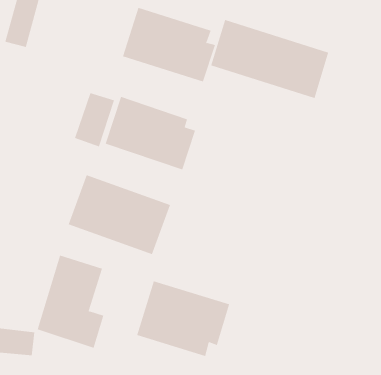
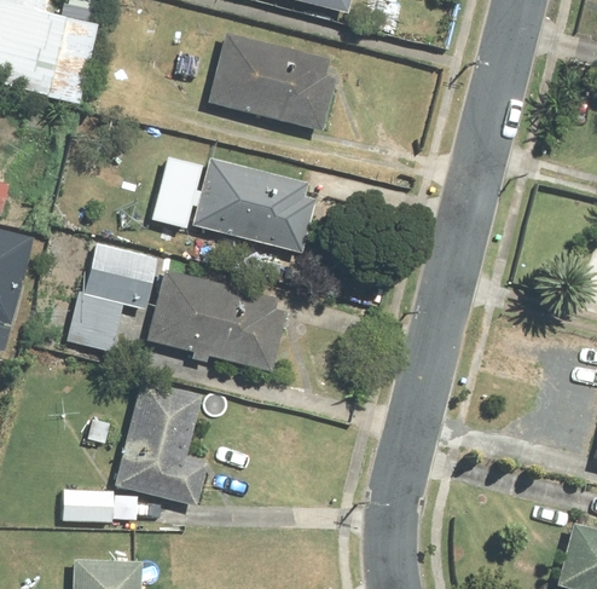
building: [210,19,329,99] -> none
building: none -> [69,241,158,352]
building: [136,280,230,357] -> none

